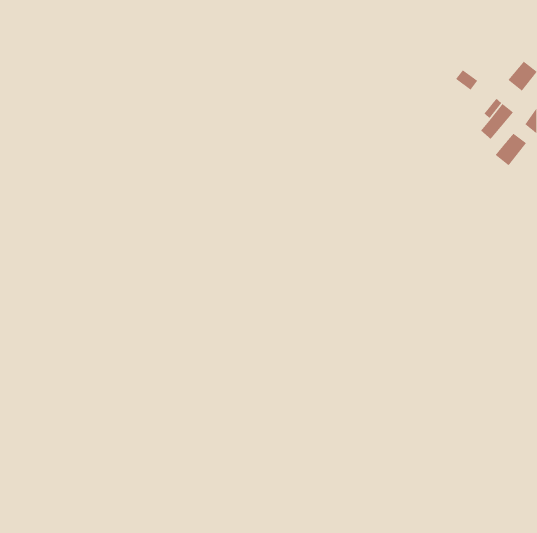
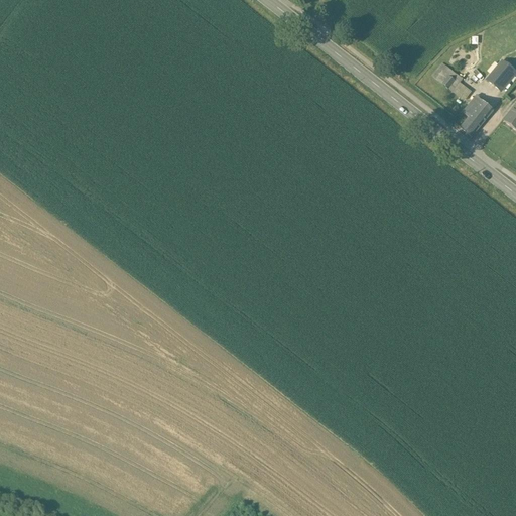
building: [495,133,527,166] -> none

